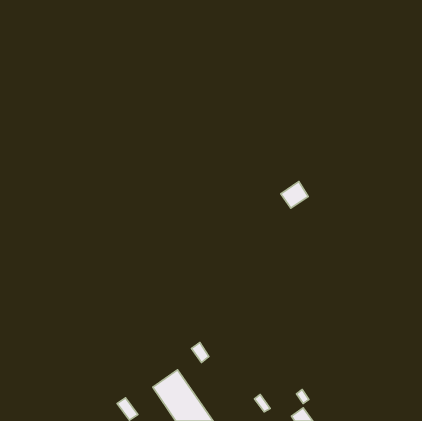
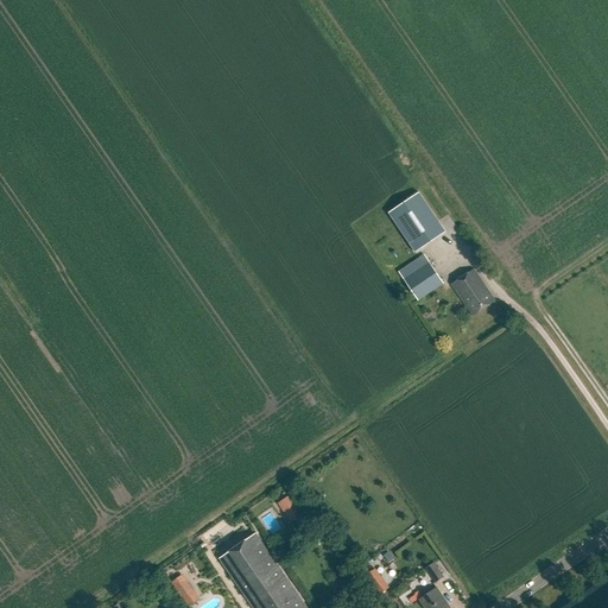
building: none -> [390,191,445,251]
building: none -> [451,268,495,315]

